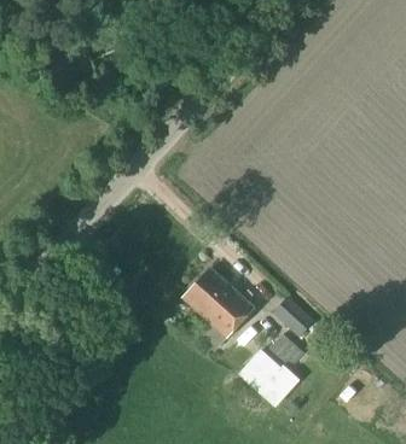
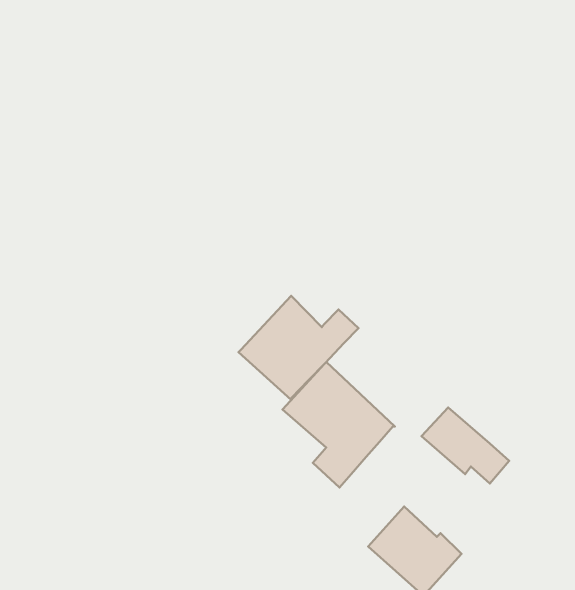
building: none -> [239,296,359,400]
building: [261,333,301,374] -> none

